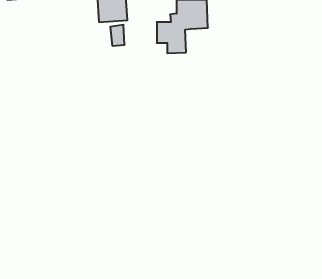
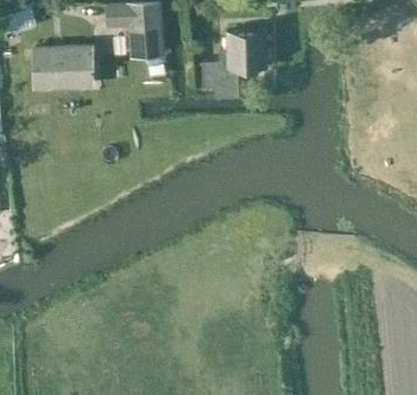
building: none -> [34,48,95,88]

